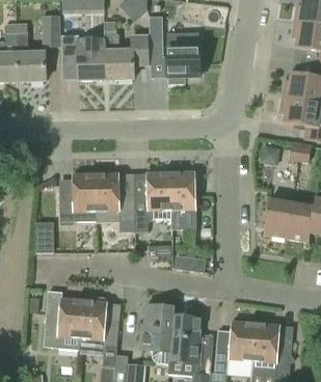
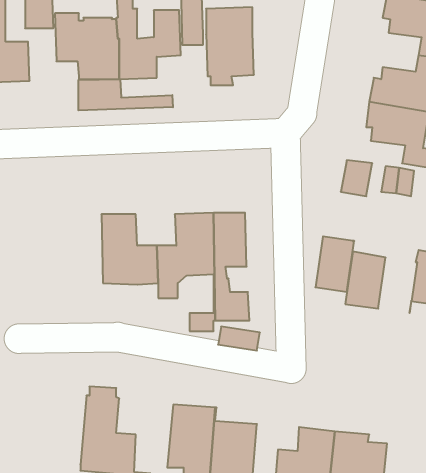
building: none -> [78,79,173,110]
building: [58,173,95,221] -> none
building: [286,203,313,242] -> [315,236,354,292]
building: [43,297,83,347] -> none

